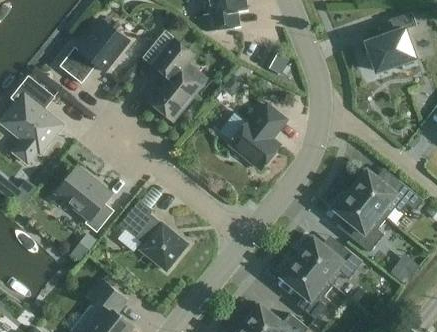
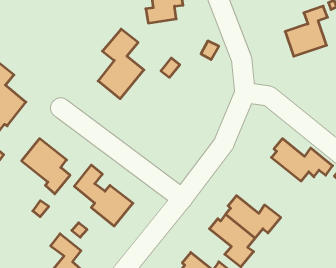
building: [59,19,129,82] -> none
building: [222,103,286,168] -> none
building: [332,189,386,251] -> none

